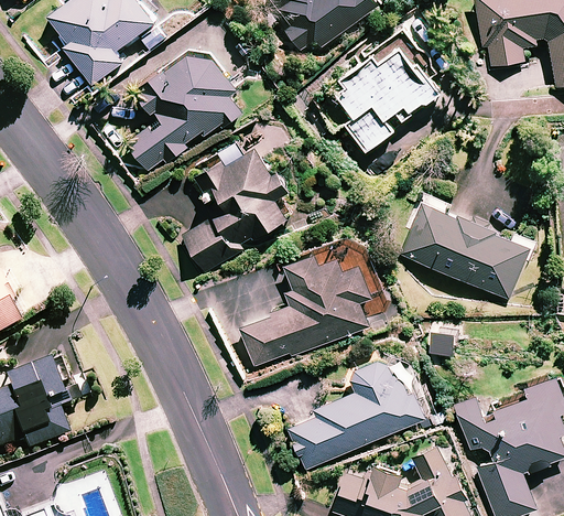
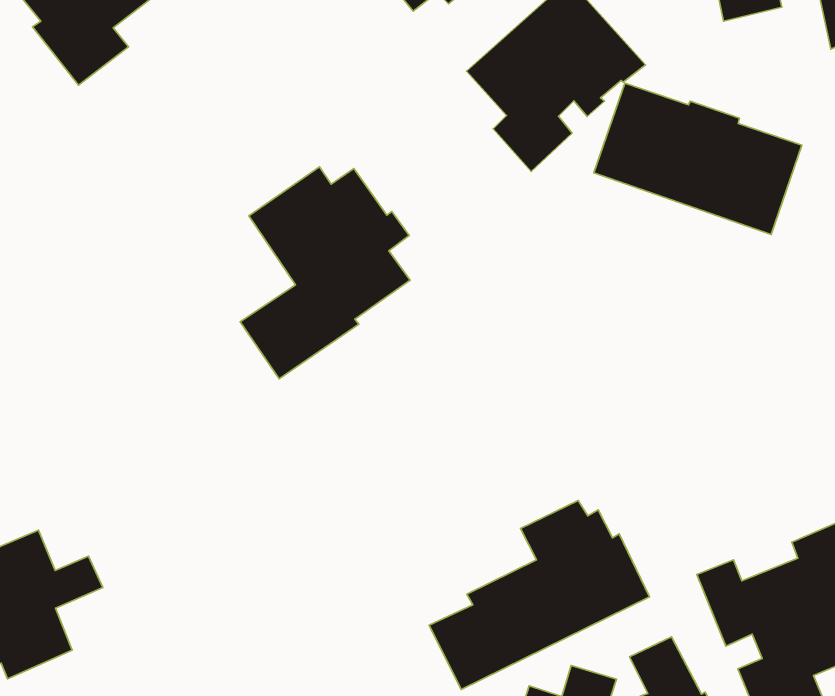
building: [127,50,240,172] -> none
building: [402,202,531,300] -> [594,83,802,235]
building: [239,251,371,367] -> none

